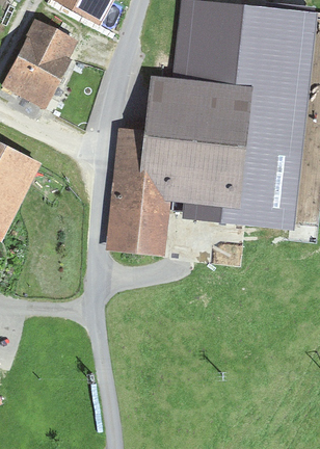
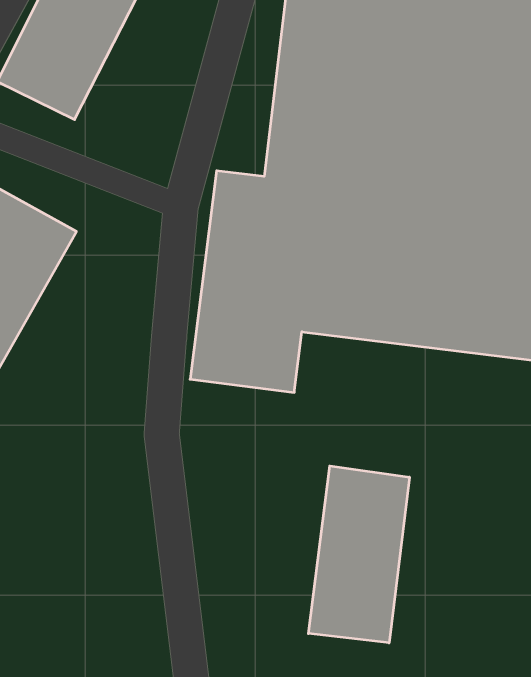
building: none -> [308,466,409,643]

